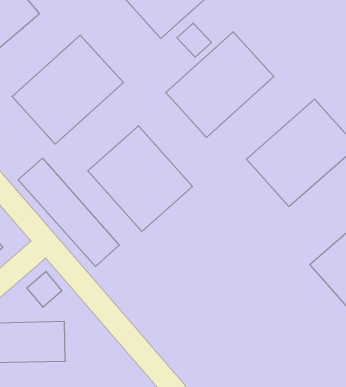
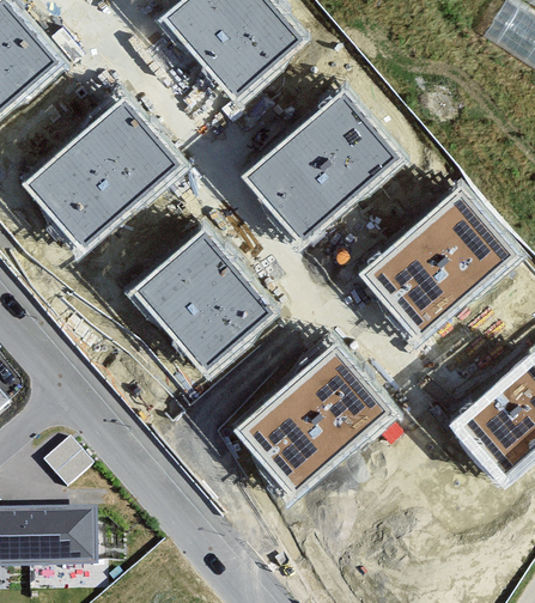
building: [177,23,211,57] -> none
building: [18,158,119,266] -> none
building: none -> [232,340,395,499]

